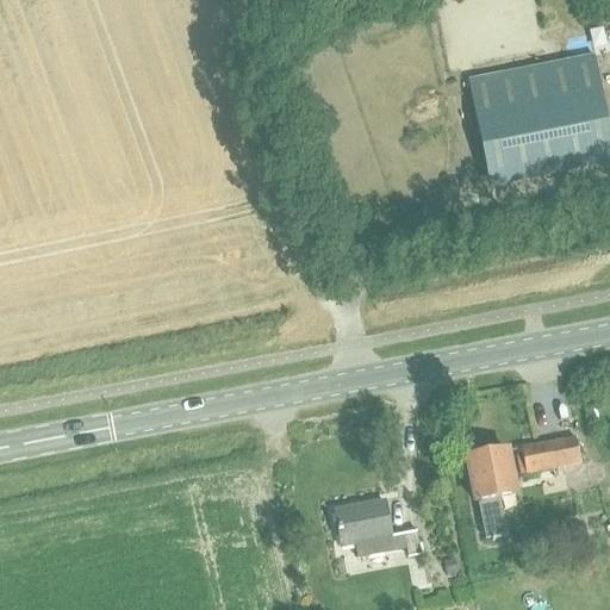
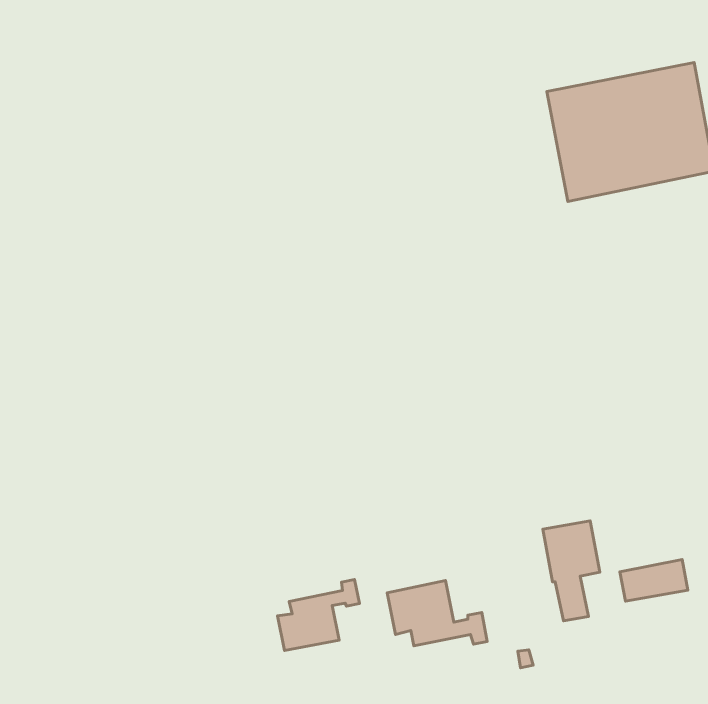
building: [522,435,580,471] -> [620,559,688,601]
building: none -> [277,580,360,650]

